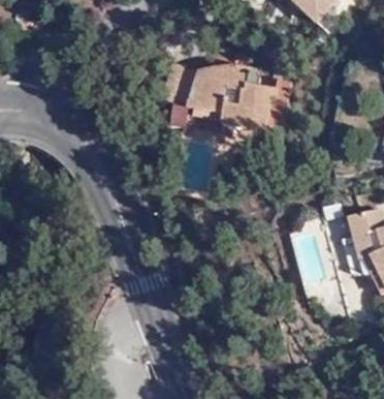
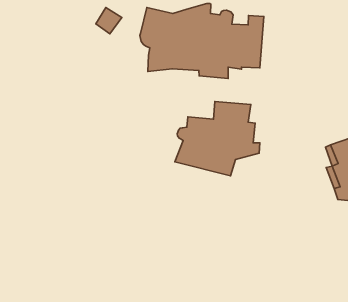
building: none -> [175,102,260,176]

